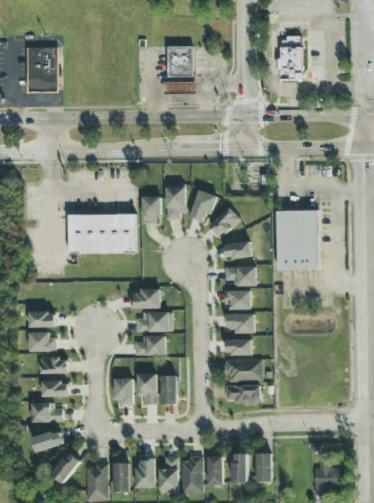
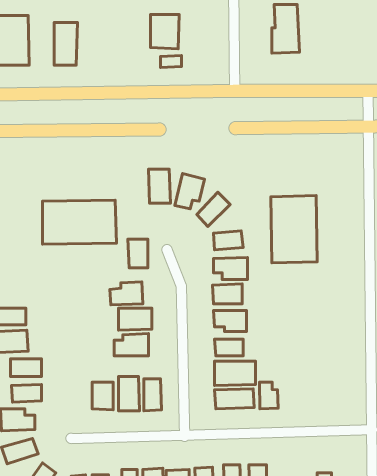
building: none -> [54,23,77,65]
building: [141,197,159,223] -> [128,239,148,268]
building: none -> [259,382,278,409]

